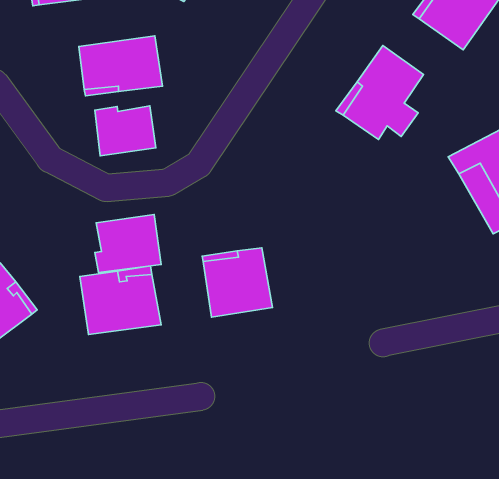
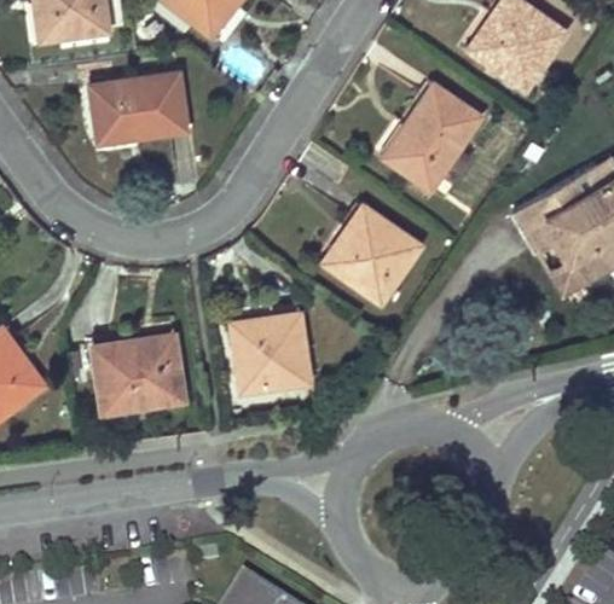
building: [95,106,156,156] -> none
building: none -> [324,207,421,302]
building: [95,214,161,272] -> none

